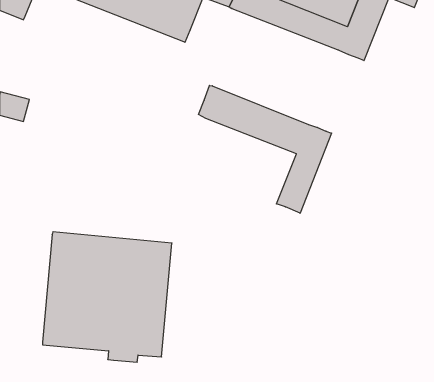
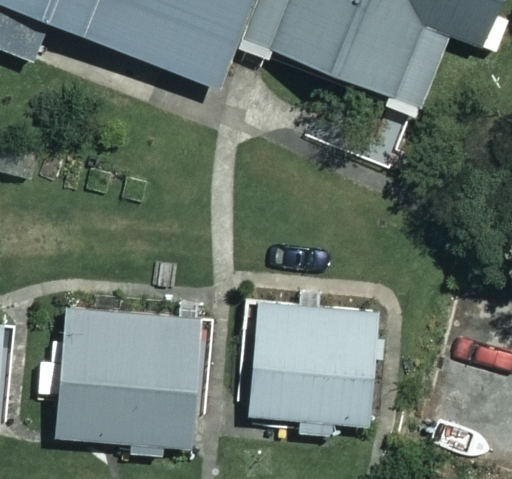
building: [198,85,332,213] -> none
building: none -> [248,301,379,436]

